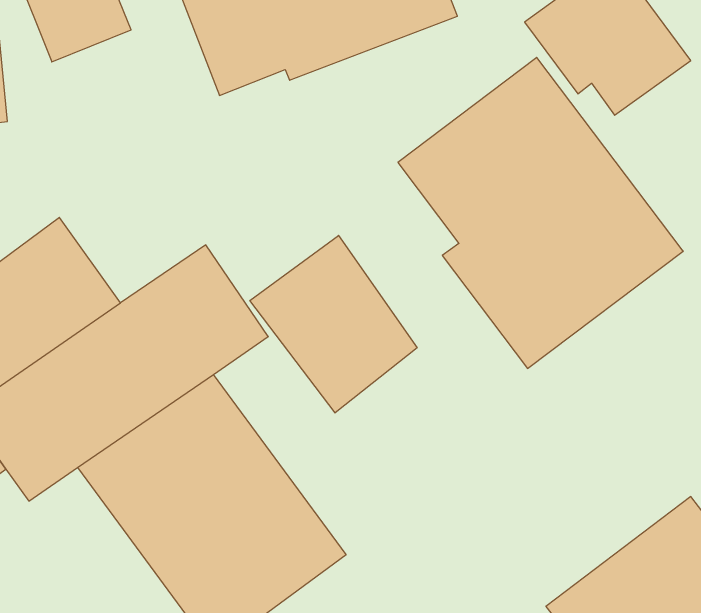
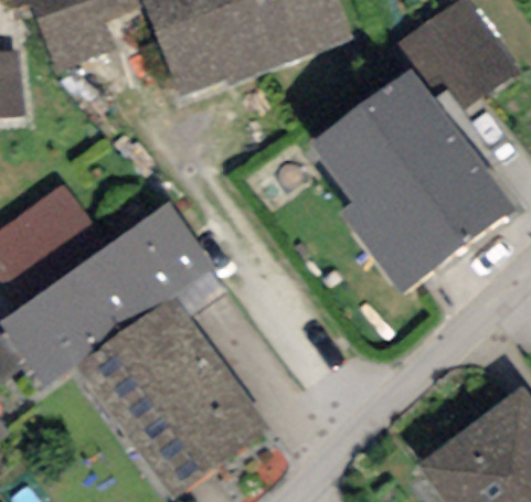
building: [250,235,417,413] -> none

